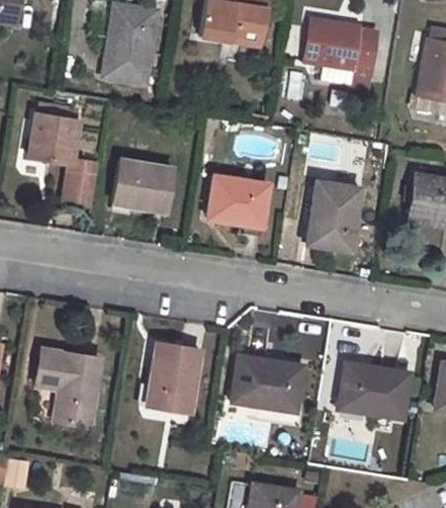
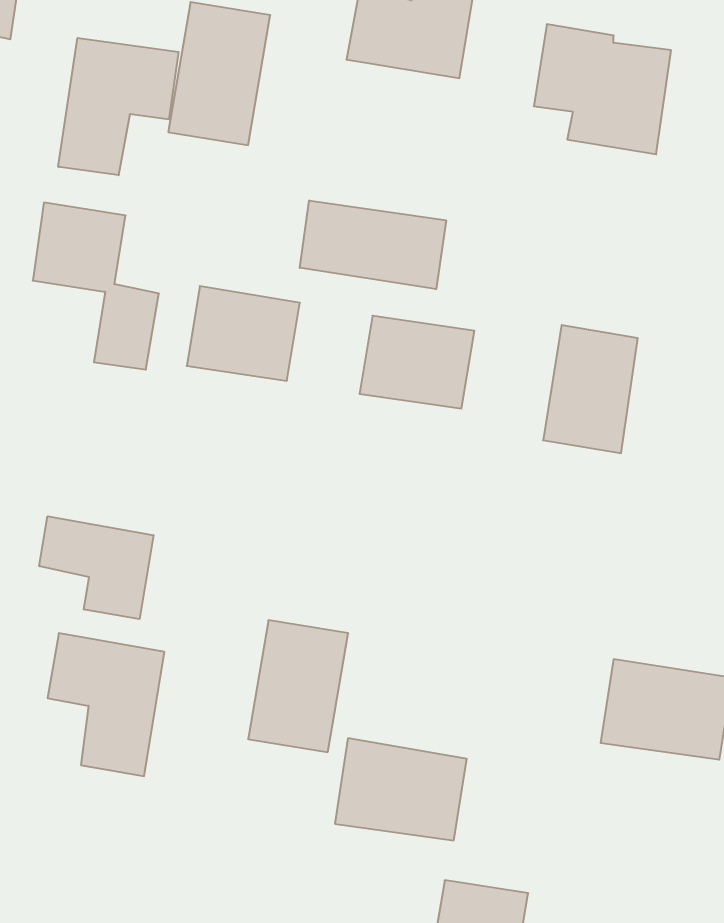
building: none -> [58,38,179,175]
building: none -> [300,200,446,289]
building: none -> [39,516,153,619]
building: [232,355,303,411] -> [335,738,467,840]

